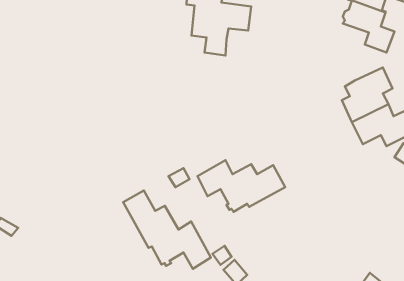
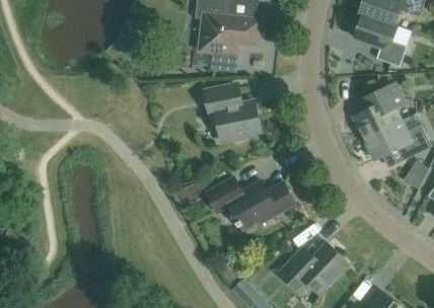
building: none -> [204,83,261,141]
building: [123,190,211,269] -> none
building: none -> [279,242,349,294]

